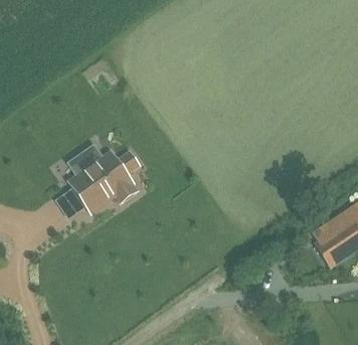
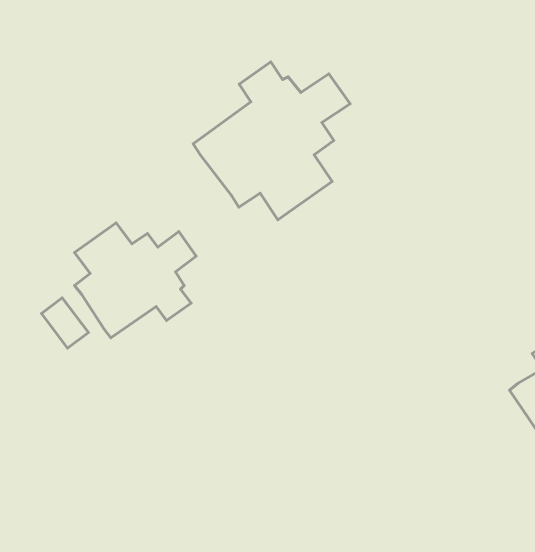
building: none -> [193,62,350,220]

